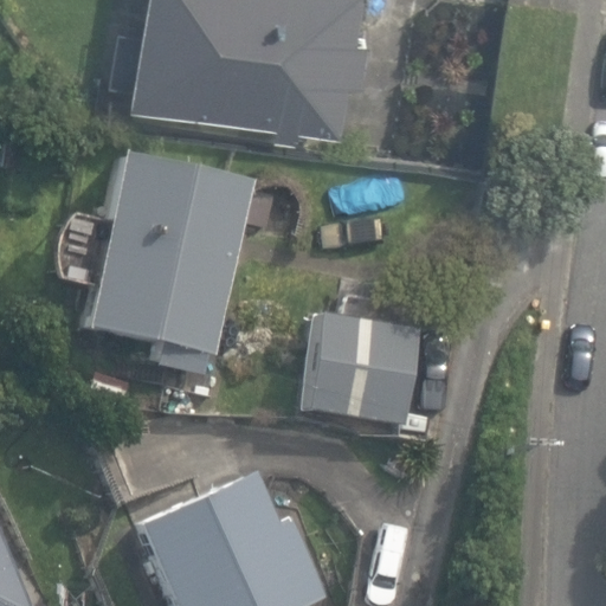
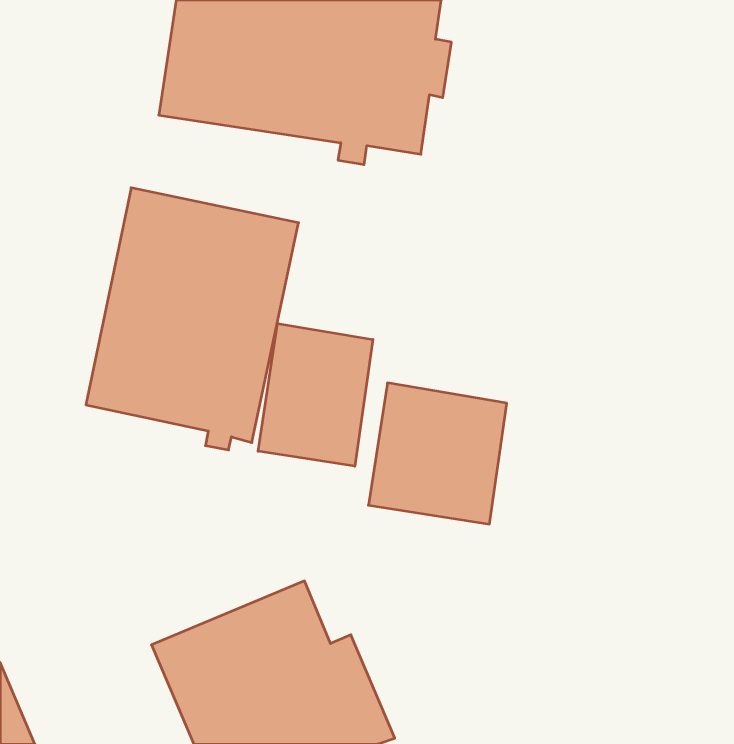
building: none -> [258,323,373,466]

